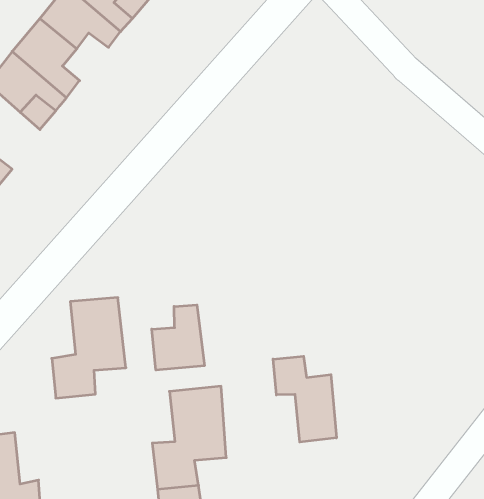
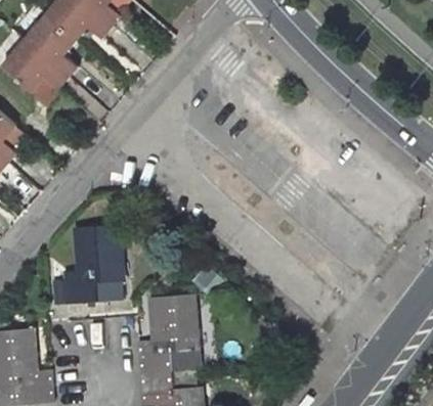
building: [152,305,204,370] -> none
building: [273,356,336,442] -> none

